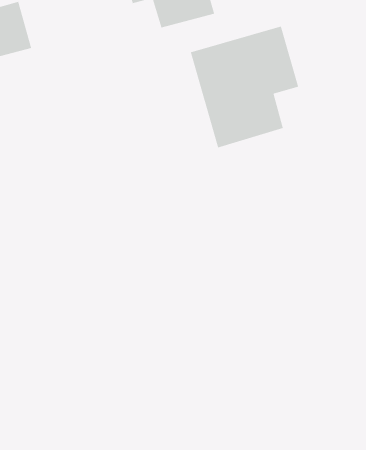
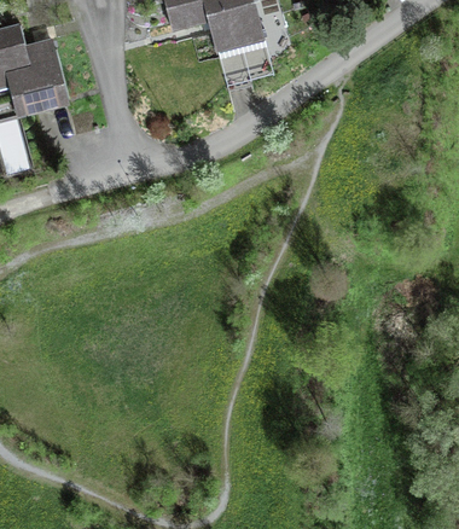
building: [190,25,299,149] -> none

